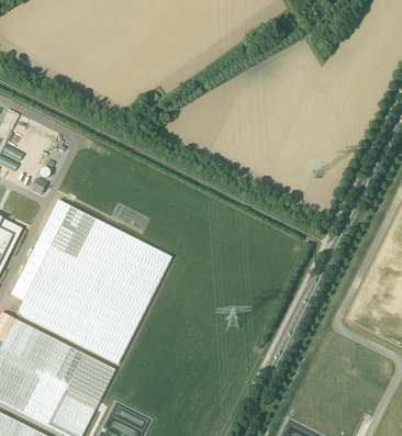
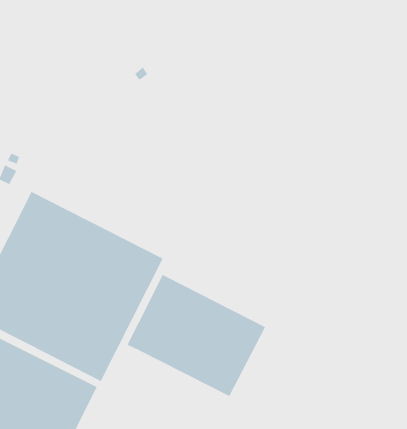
building: none -> [127,274,266,397]

